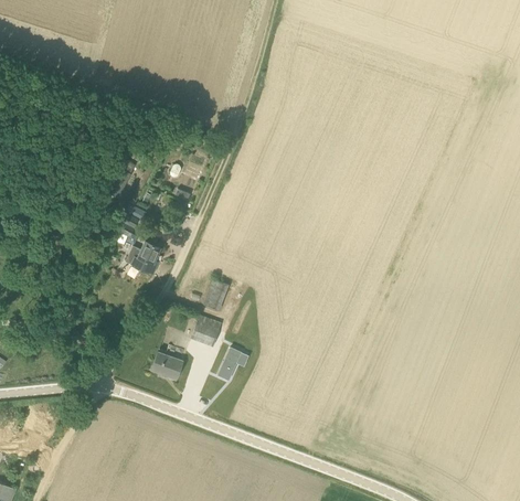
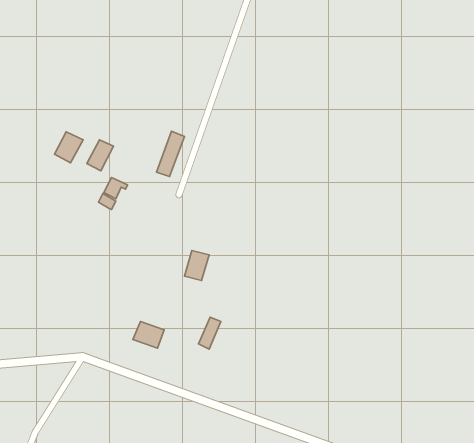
building: none -> [54,132,83,163]
building: [126,242,159,274] -> none
building: [190,315,220,345] -> none

